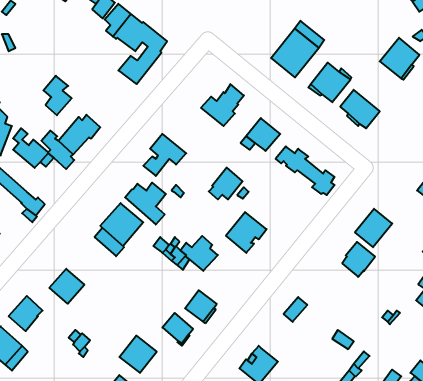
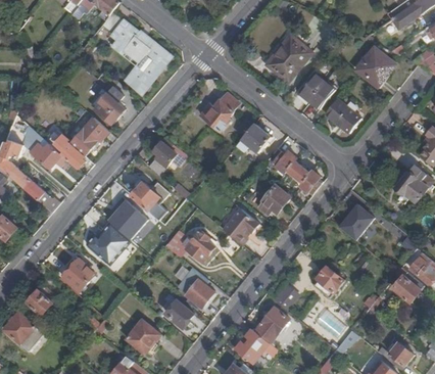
building: [43,76,72,115] -> [99,88,125,124]
building: [209,168,243,199] -> [258,184,289,213]
building: none -> [86,230,123,264]
building: [342,242,375,277] -> [313,266,343,297]
building: none -> [253,306,288,342]

